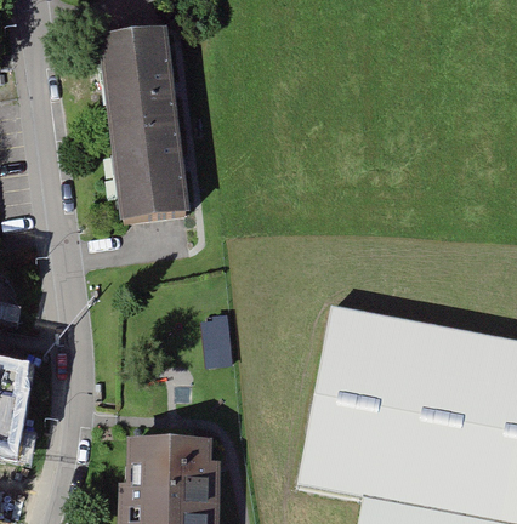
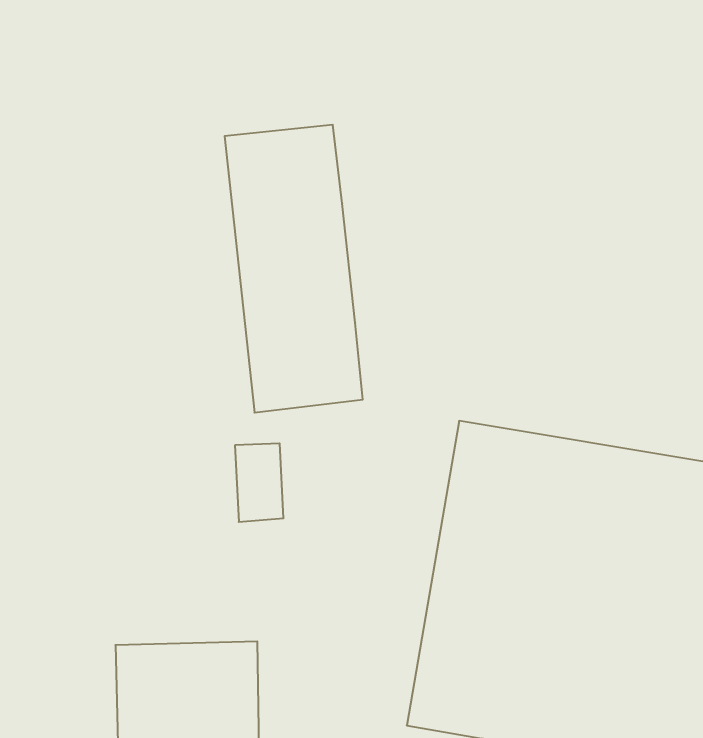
building: [100,35,189,222] -> [225,125,363,413]

